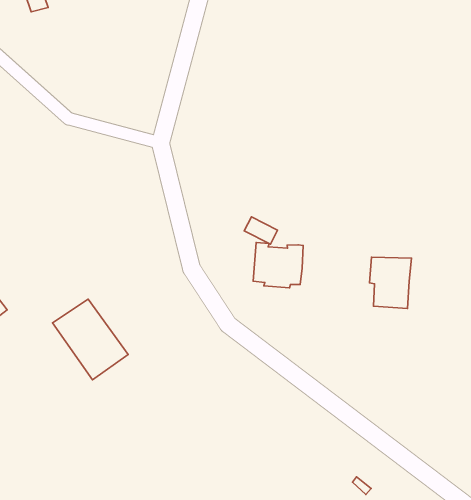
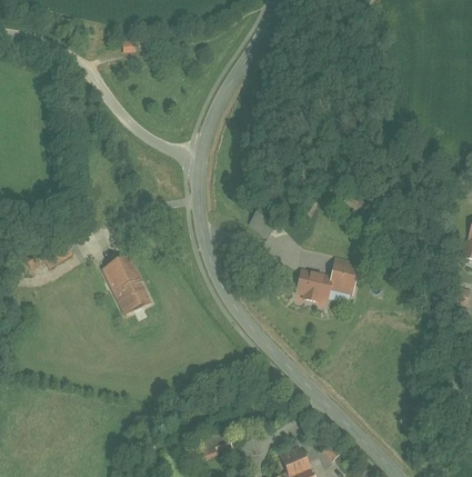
building: [253,242,303,288] -> [292,270,331,306]

